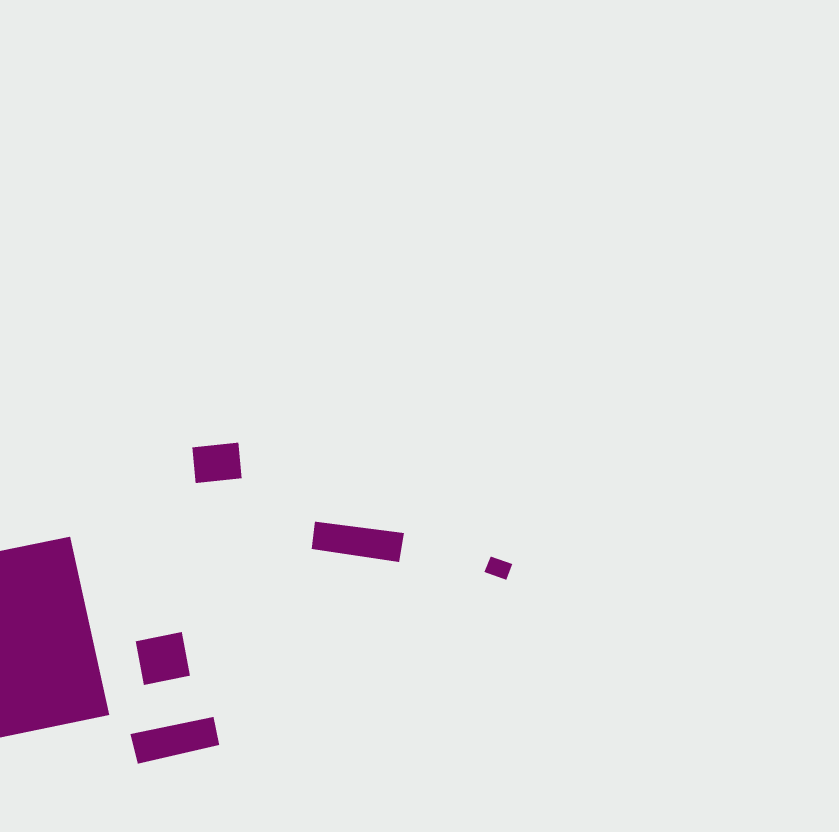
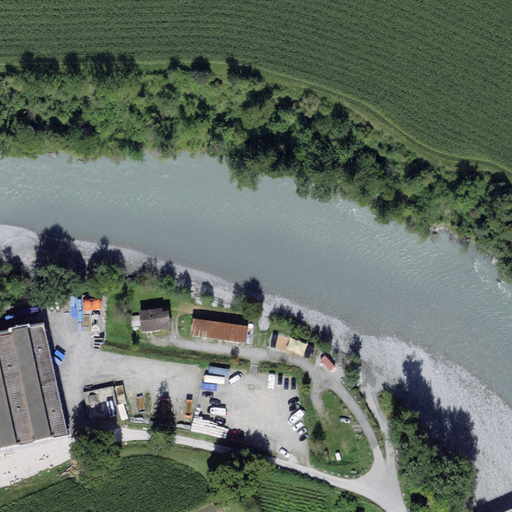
building: [192,442,243,483] -> [138,306,169,331]
building: [130,716,220,764] -> none

